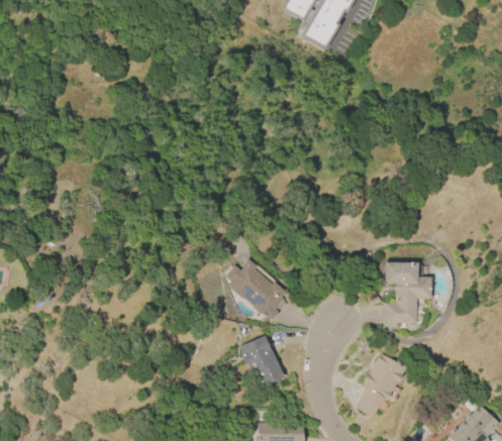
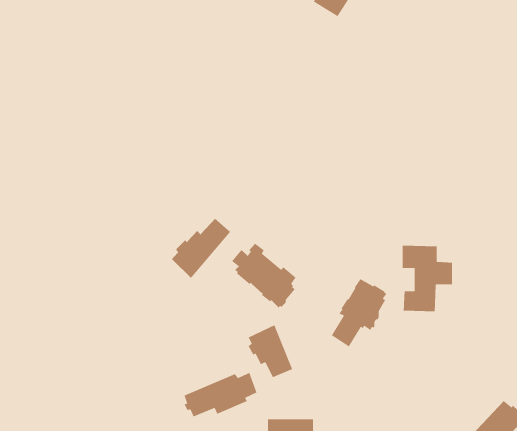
building: none -> [171,218,231,279]
building: [354,353,406,418] -> [331,278,387,347]
building: none -> [183,372,258,417]

